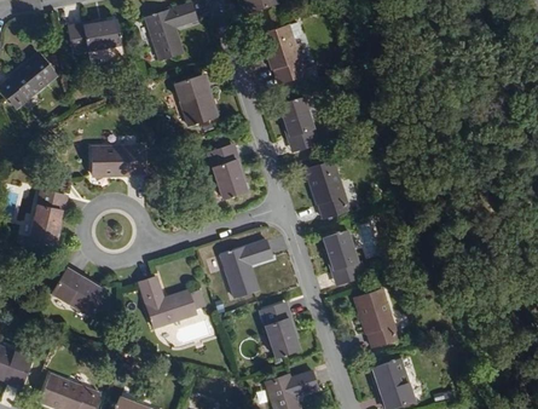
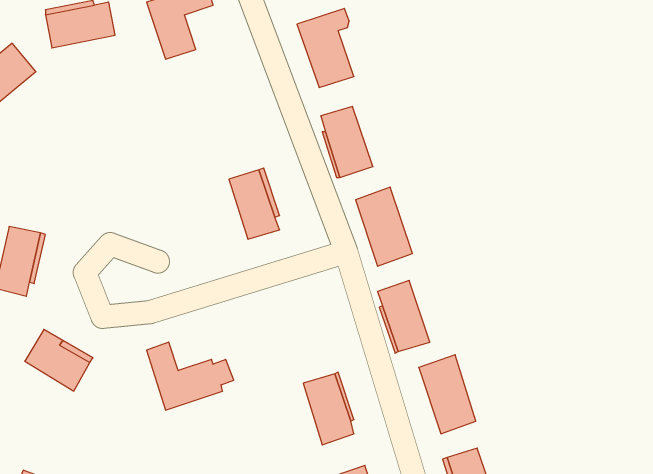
building: [174,70,218,129] -> none
building: [91,144,144,174] -> none
building: [225,241,276,299] -> none

